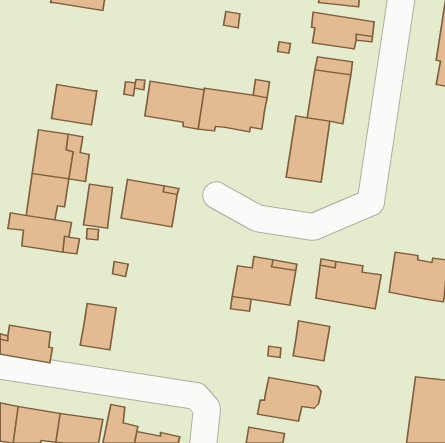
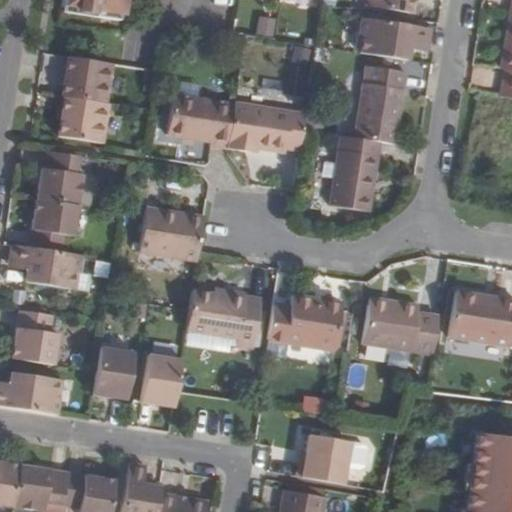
building: none -> [63,54,116,104]
building: [83,184,113,228] -> none
building: none -> [187,290,261,348]
building: none -> [13,310,60,366]
building: none -> [140,356,182,409]
building: [293,321,330,361] -> none

